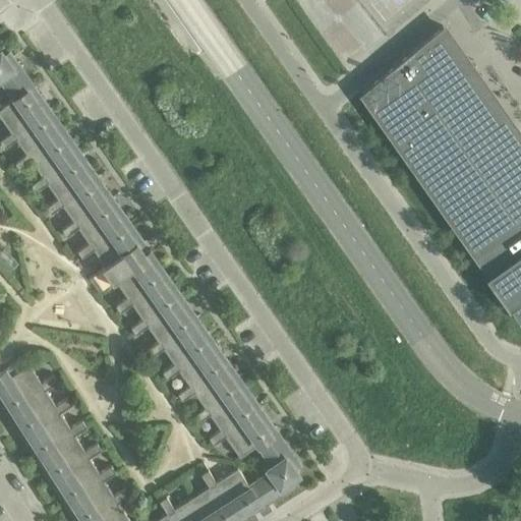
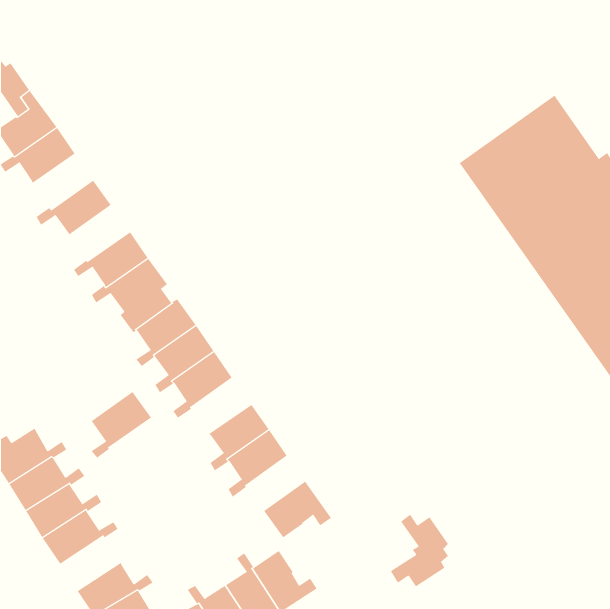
building: [361,28,473,141] -> none
building: [17,133,81,181] -> none
building: [48,177,113,225] -> none
building: [164,324,216,381] -> [91,391,152,458]
building: [211,390,262,447] -> none
building: [250,441,300,503] -> [390,514,449,587]
building: [53,458,117,505] -> none

